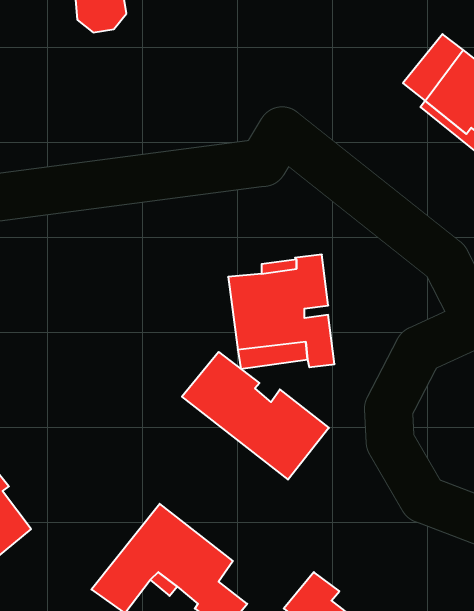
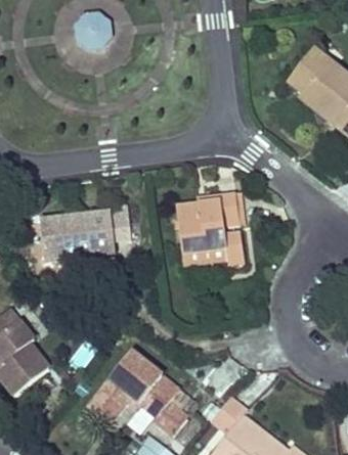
building: none -> [40,203,132,261]
building: [182,352,329,480] -> none

